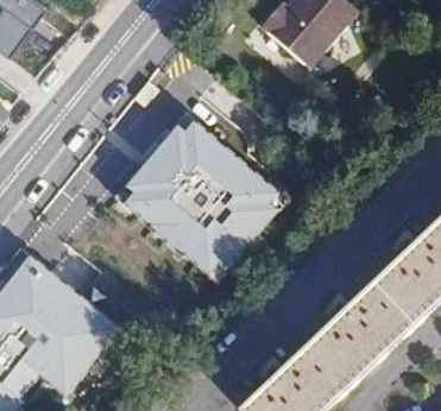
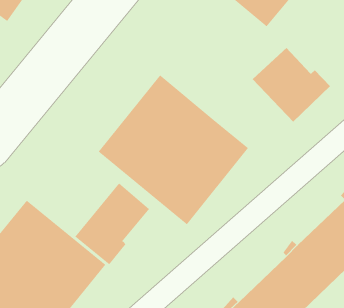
building: none -> [252,47,331,123]
building: none -> [74,182,150,265]

